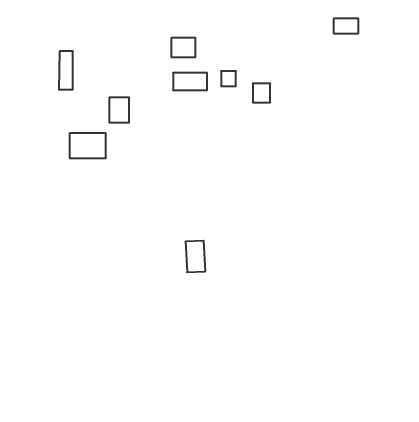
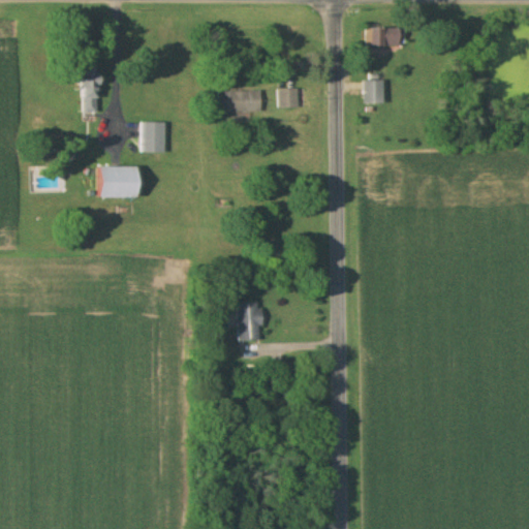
building: [334,19,358,33] -> [367,27,398,45]
building: [172,38,195,57] -> none
building: [253,83,270,102] -> [364,80,385,103]

